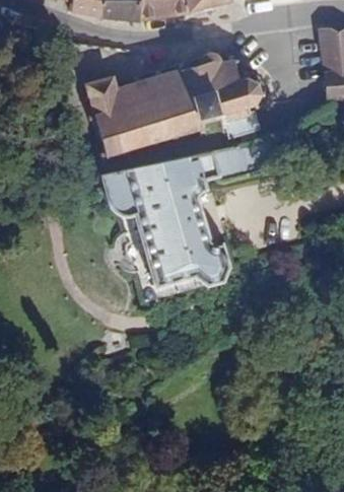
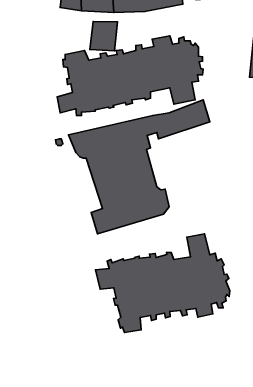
building: none -> [90,22,117,51]
building: none -> [96,234,230,333]

